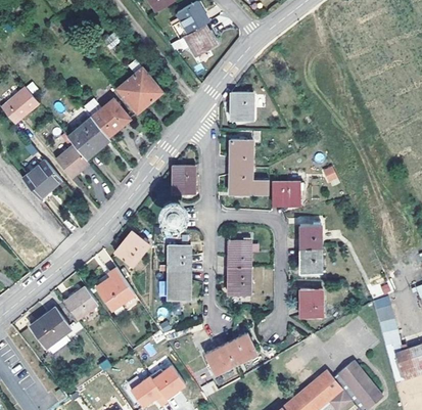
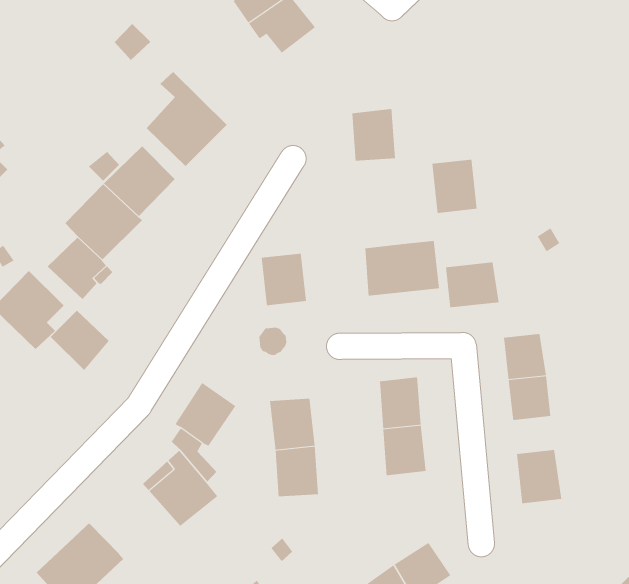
building: [229,140,251,168] -> [431,159,478,213]
building: none -> [50,310,110,371]
building: [62,286,97,320] -> none

